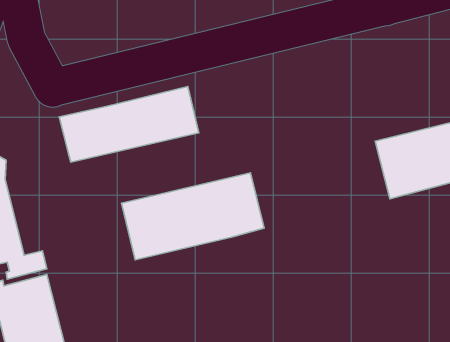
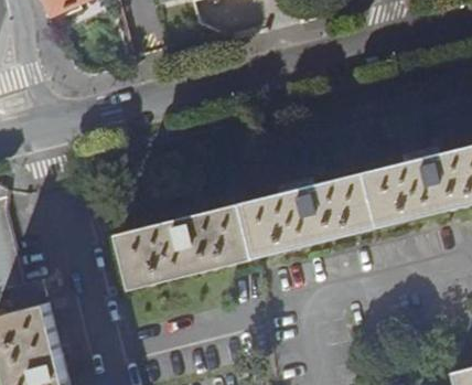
building: [59,86,199,162] -> none
building: none -> [246,172,382,257]

